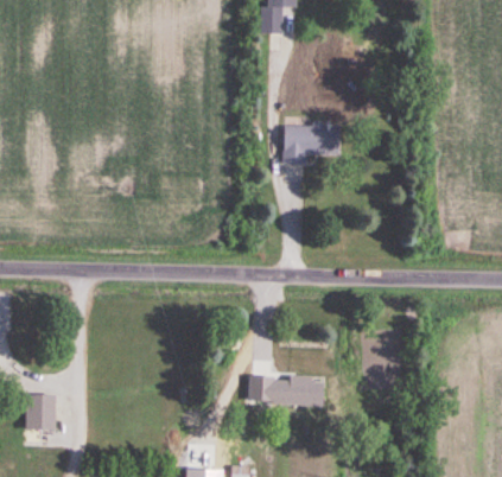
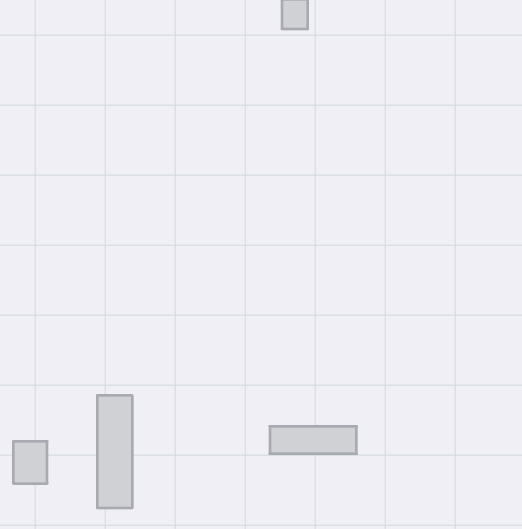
building: [282,125,338,163] -> none
building: none -> [97,395,132,508]

